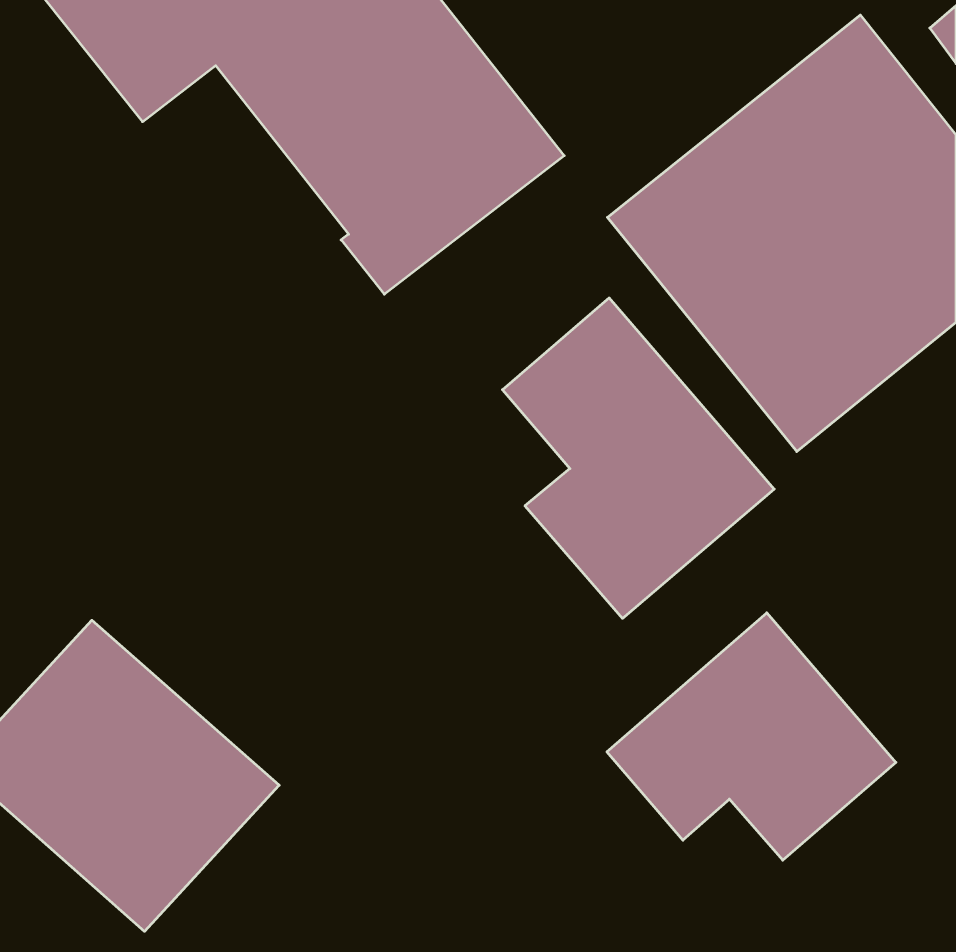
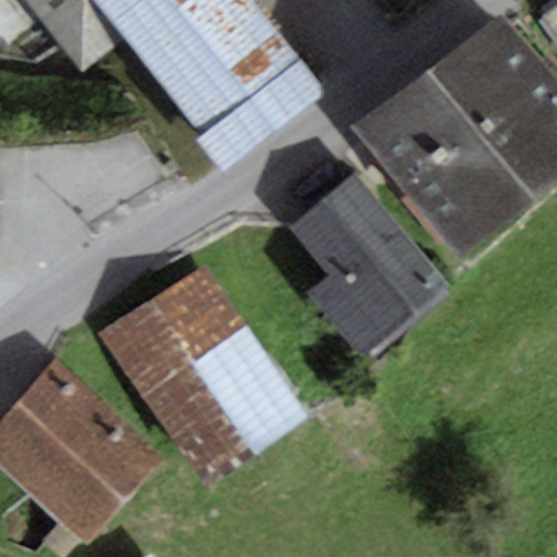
building: none -> [98,262,310,488]
building: [607,613,896,860] -> none

